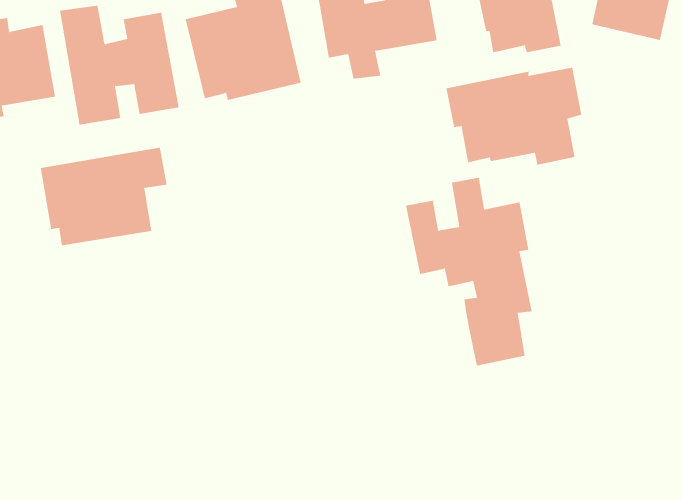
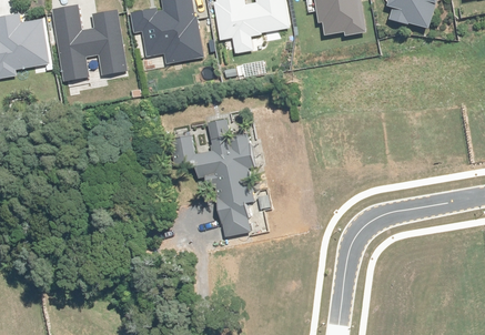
building: [446,67,582,165] -> none
building: [40,147,167,246] -> none
building: [405,177,533,366] -> [179,118,259,236]

